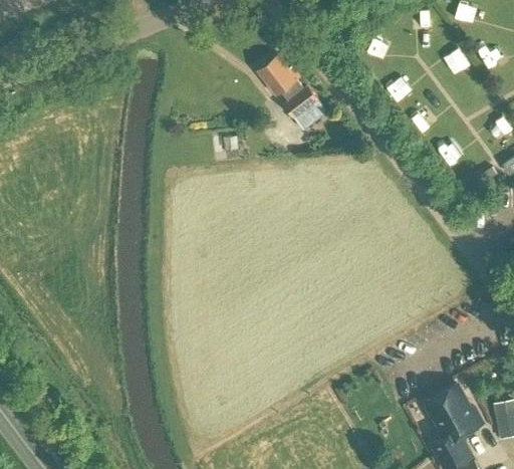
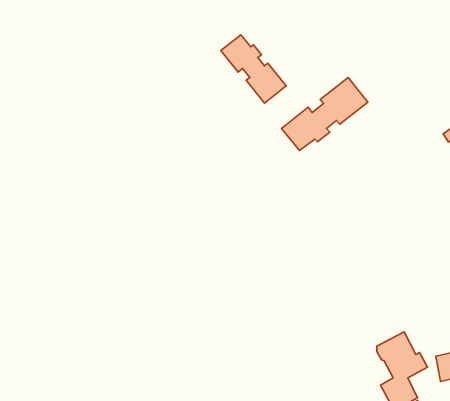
building: none -> [281,77,368,151]

